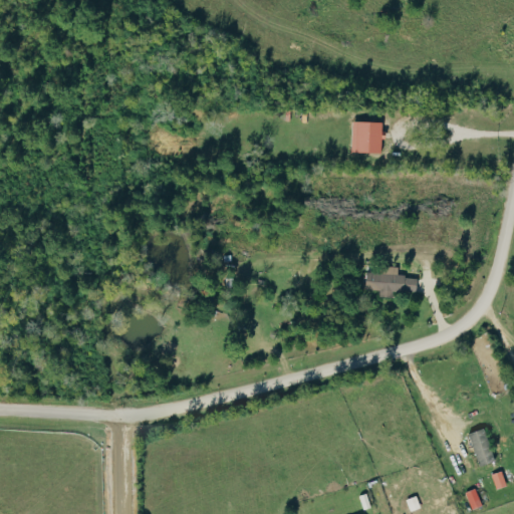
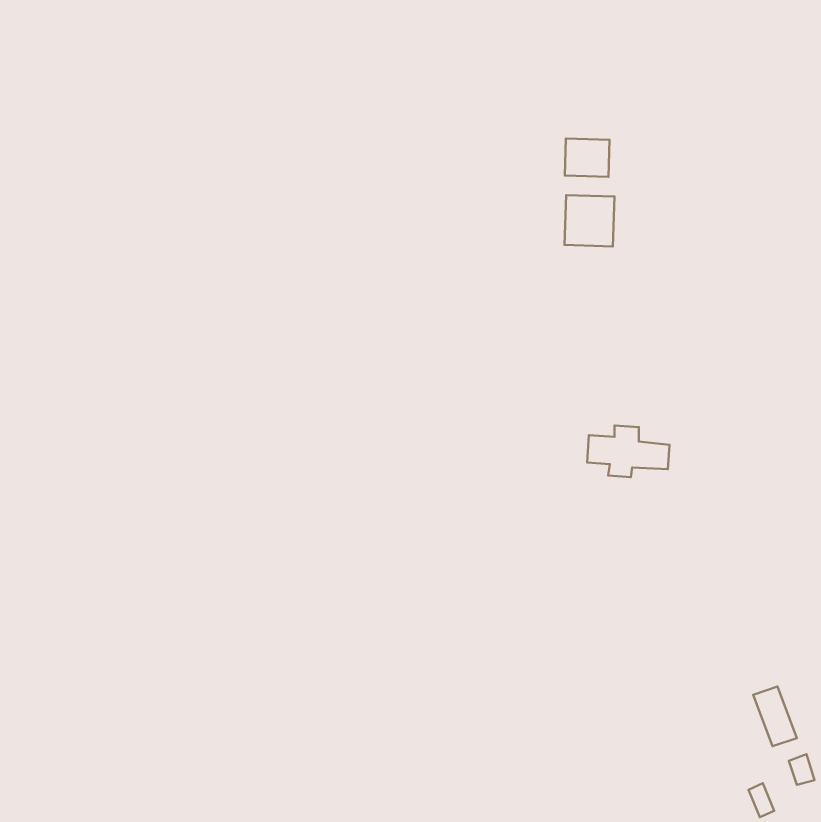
building: none -> [565,138,610,177]

